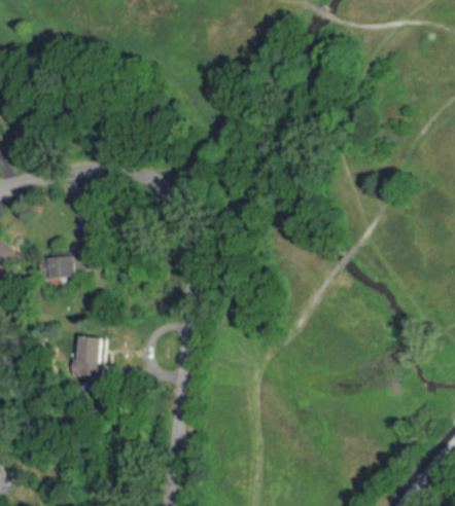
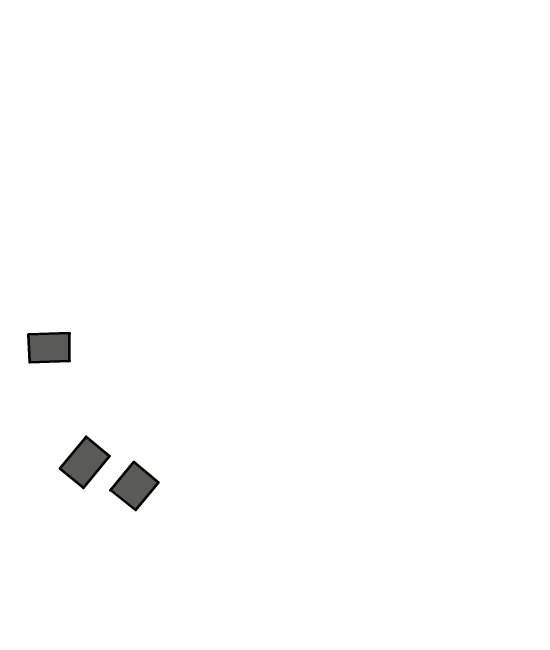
building: none -> [110,462,158,510]

